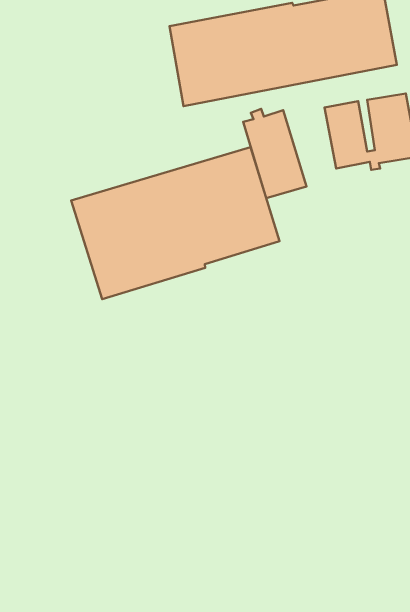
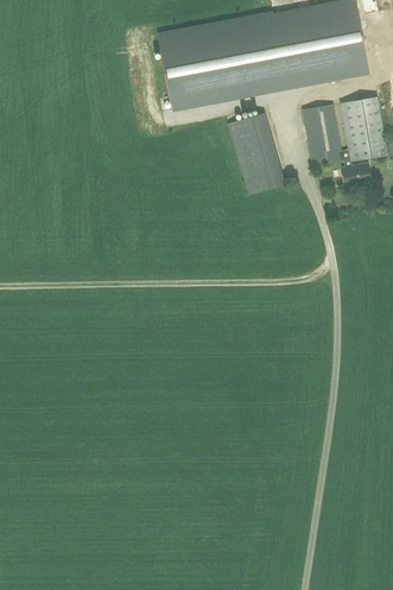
building: [71,147,280,299] -> none
building: none -> [342,163,372,186]

